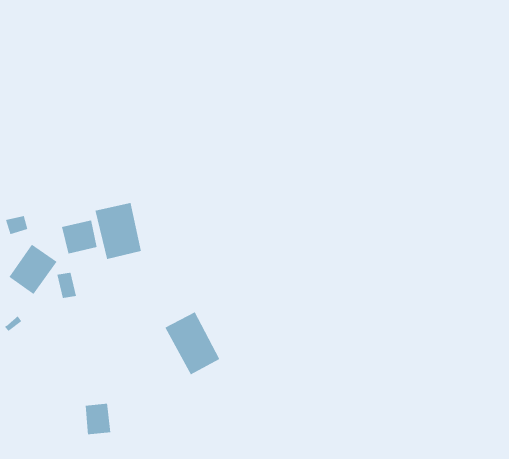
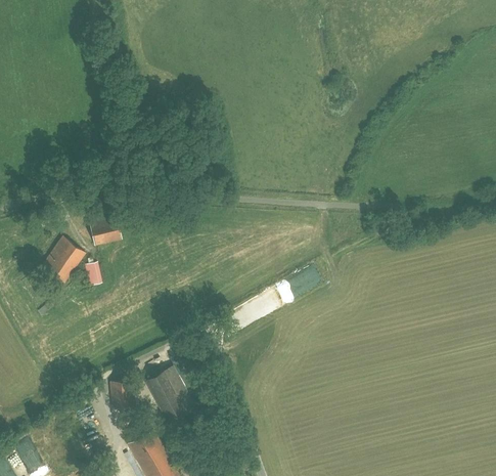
building: [95,202,142,260] -> none
building: [164,312,220,375] -> [145,365,195,423]

